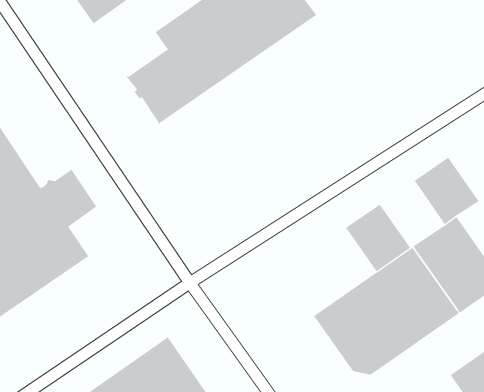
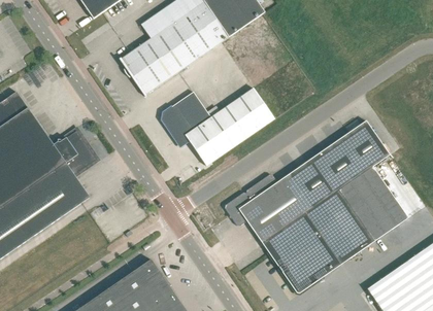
building: none -> [162,88,279,166]
building: none -> [313,139,363,191]
building: none -> [225,174,310,243]

